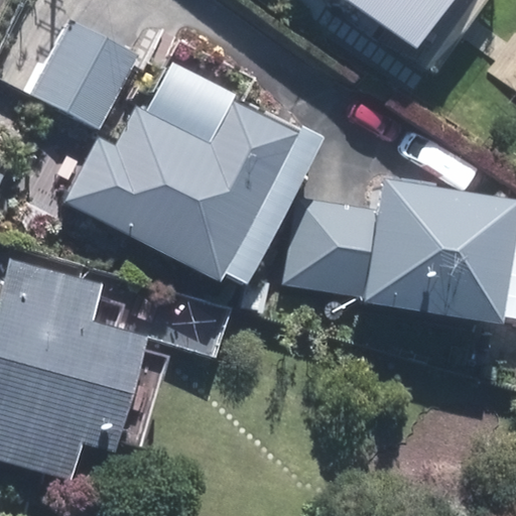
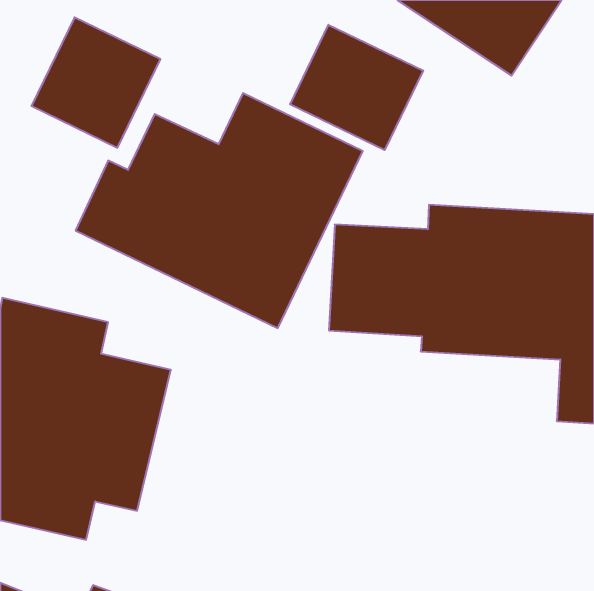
building: none -> [290,25,423,150]

